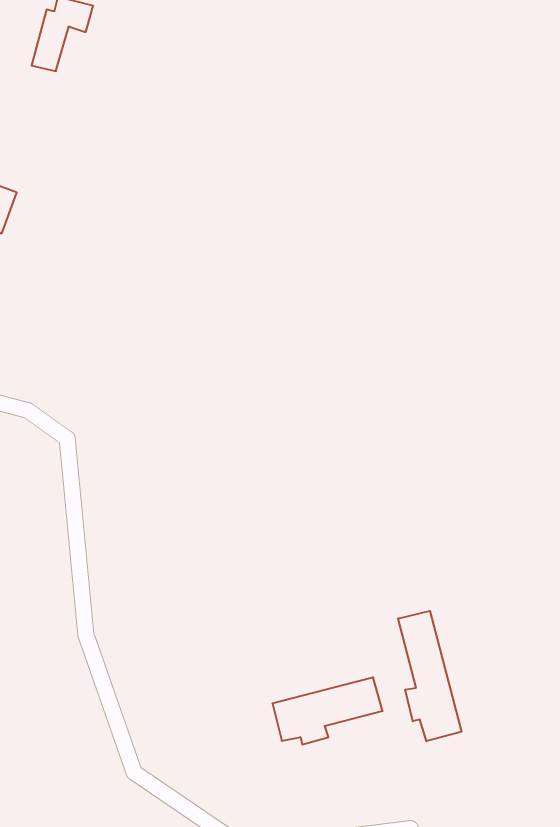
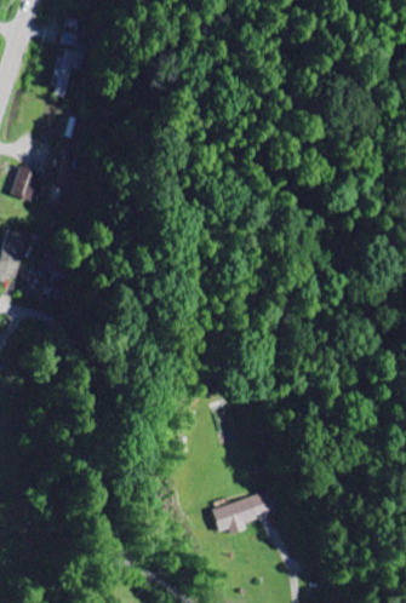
building: [398,611,461,741] -> none

